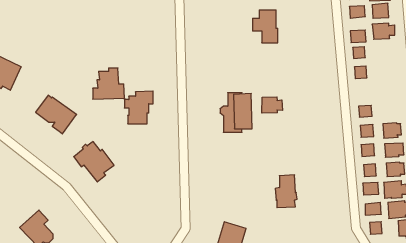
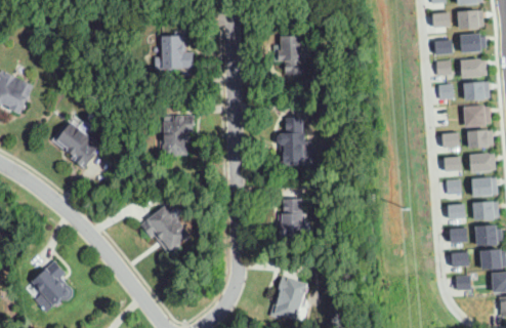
building: [253,10,278,43] -> [271,35,302,75]
building: none -> [461,55,489,75]
building: none -> [463,82,490,99]
building: [93,68,125,99] -> [153,32,192,70]
building: none -> [463,105,491,127]
building: [262,97,282,113] -> none
building: none -> [471,130,495,149]
building: [74,142,114,182] -> [139,206,188,255]
building: [275,175,297,208] -> [277,198,303,238]

